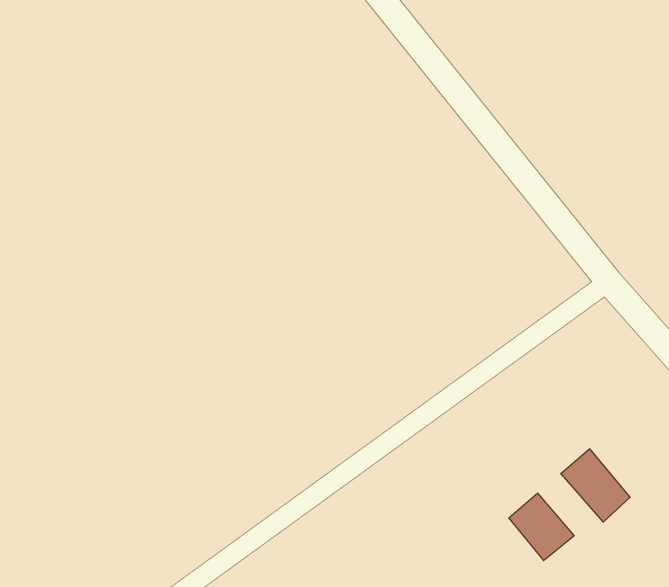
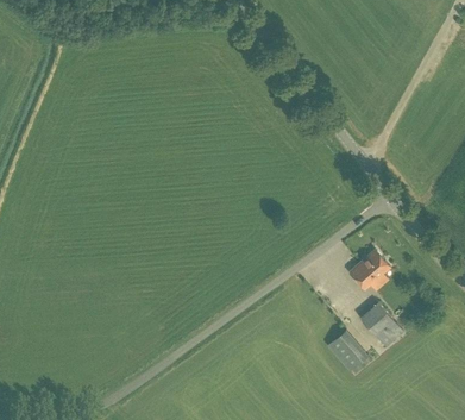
building: none -> [350,249,390,288]

